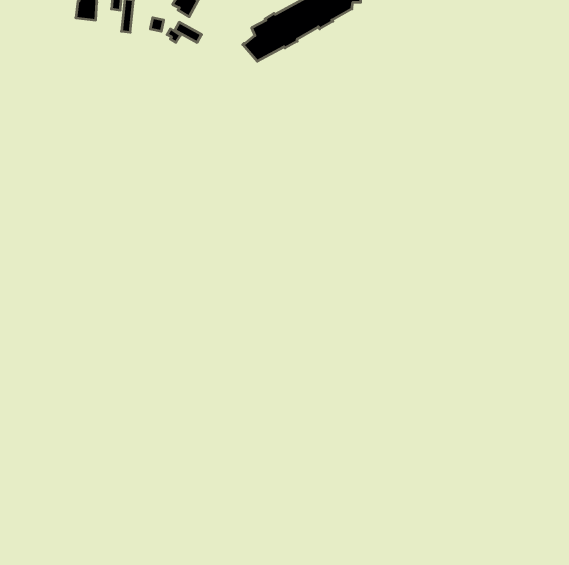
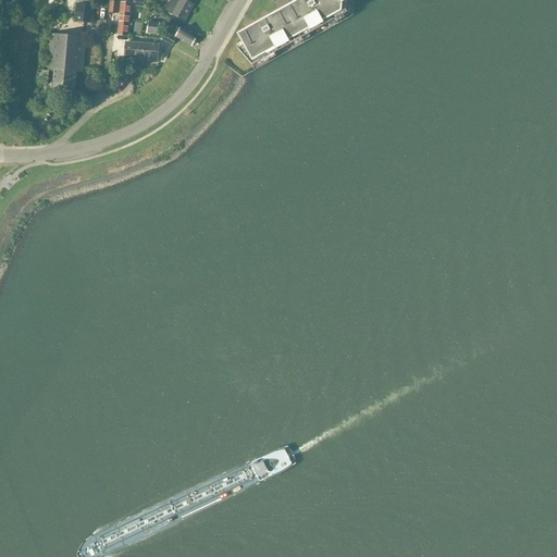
building: none -> [49,29,85,87]
building: none -> [125,38,159,57]

